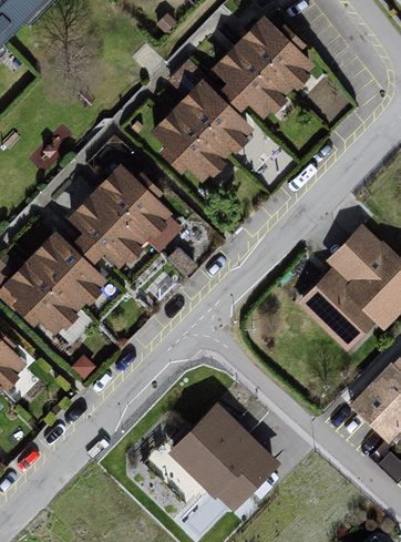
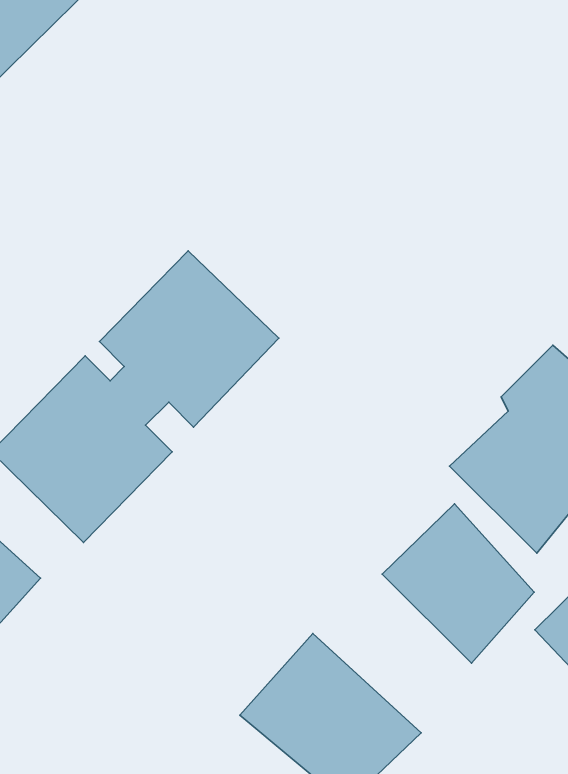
building: [162,20,329,186] -> none
building: none -> [382,504,534,663]

